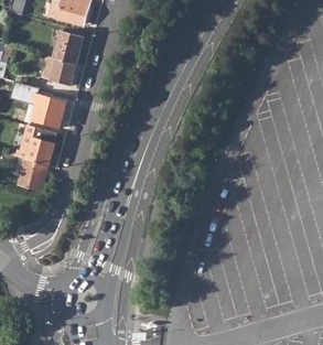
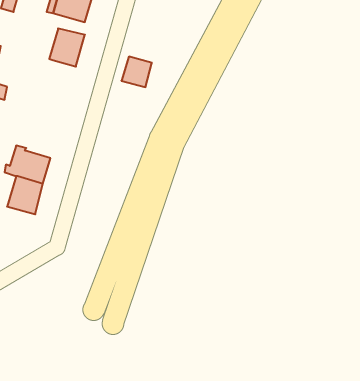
building: [49,58,75,85] -> [121,57,152,87]
building: [31,93,64,128] -> none

